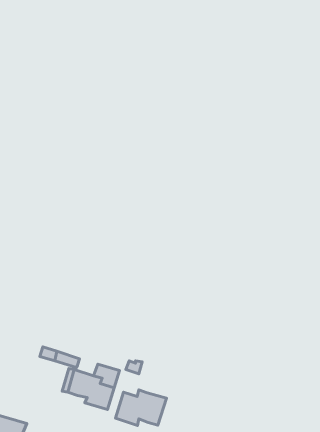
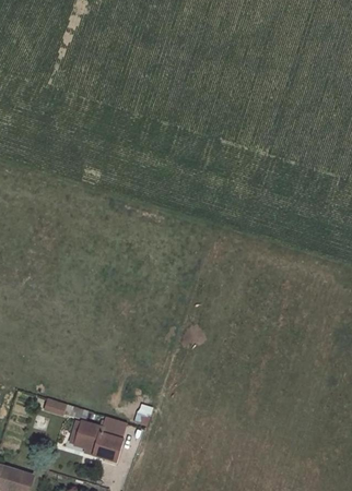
building: [115,390,167,426] -> none

